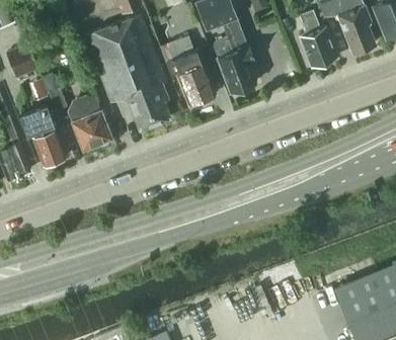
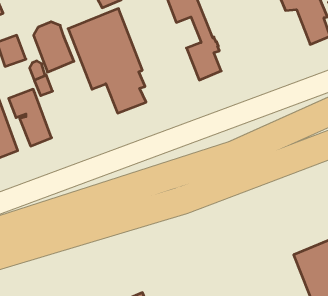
building: [299,12,336,68] -> none
building: [161,39,217,105] -> none
building: [67,97,111,153] -> [34,22,74,72]

